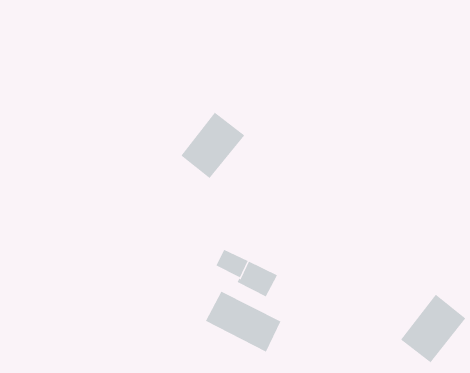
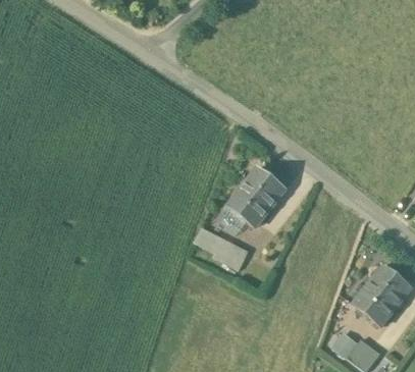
building: [181,112,245,179] -> [226,169,282,227]
building: [205,291,281,353] -> none

